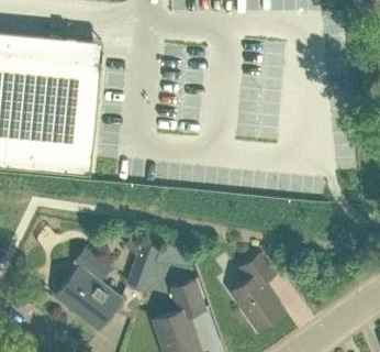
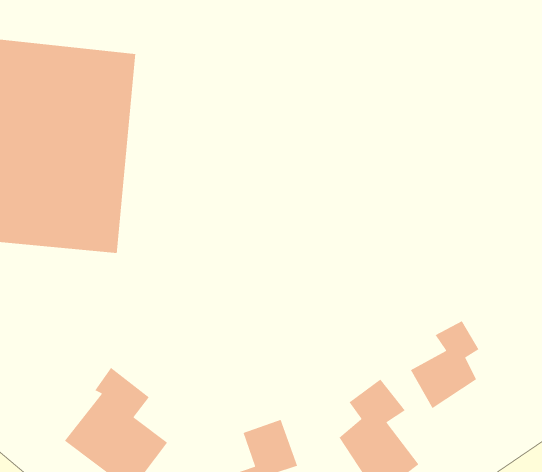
building: none -> [410,320,480,409]
building: [126,242,158,290] -> none

